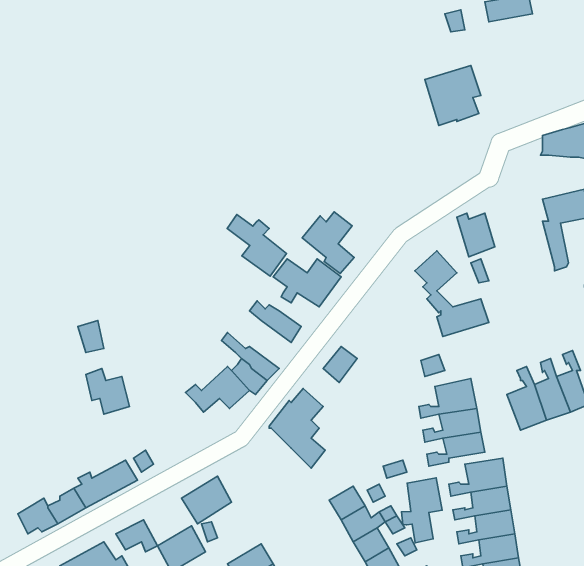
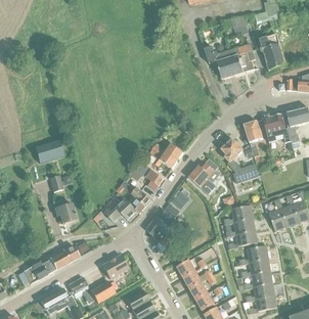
building: none -> [259,34,285,70]
building: none -> [204,46,233,78]
building: none -> [263,113,293,149]
building: [302,212,354,274] -> [188,163,215,194]
building: [227,214,287,276] -> none
building: none -> [34,140,62,164]
building: [401,478,442,543] -> none

